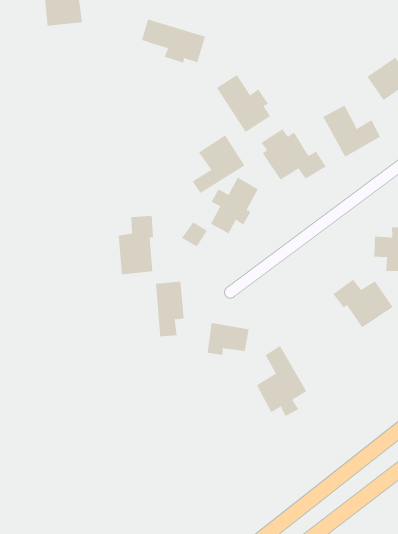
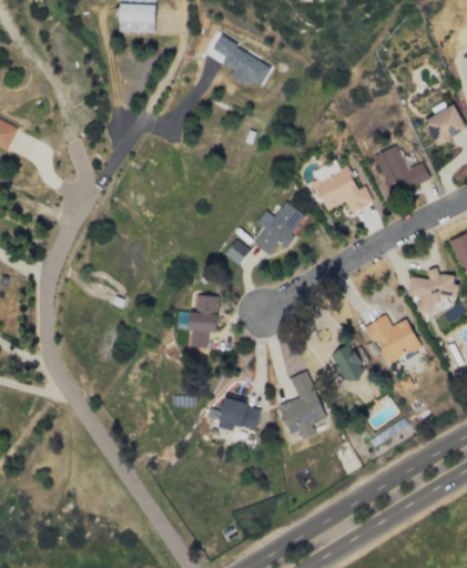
building: [216,74,271,133] -> none
building: [192,135,245,194] -> none
building: [118,215,154,275] -> none
building: none -> [331,342,365,383]
building: [207,323,249,355] -> [216,397,261,430]

